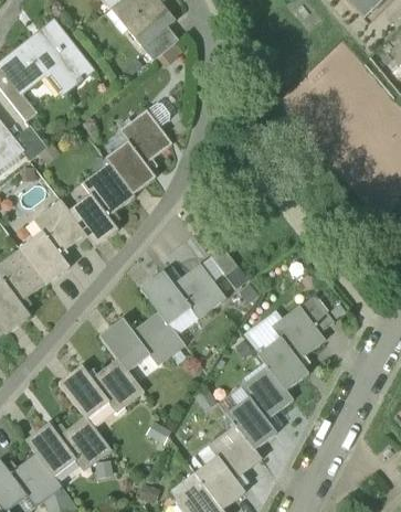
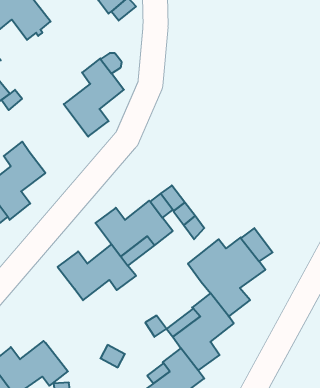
building: [68,163,135,247] -> none
building: [59,360,144,418] -> none

